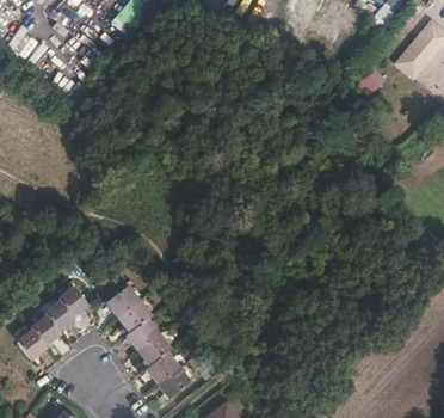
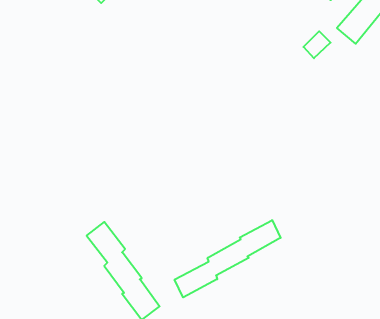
building: none -> [175,220,281,297]
building: [17,287,86,358] -> none

